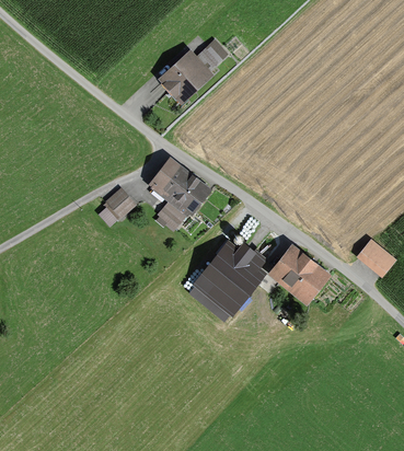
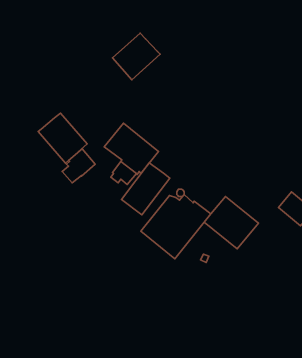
building: [196,39,228,71] -> none
building: none -> [38,113,87,163]
building: none -> [121,163,170,215]

